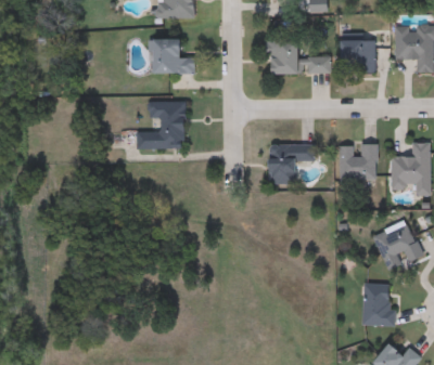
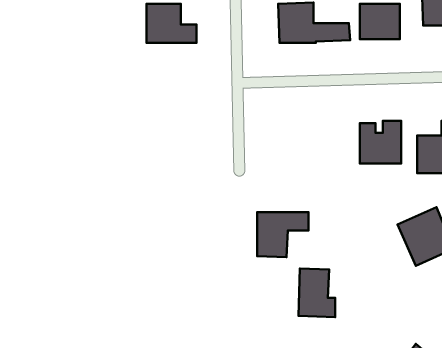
building: [137,102,184,149] -> none
building: [269,145,315,185] -> [257,212,308,257]
building: [362,283,395,326] -> [299,268,335,317]

